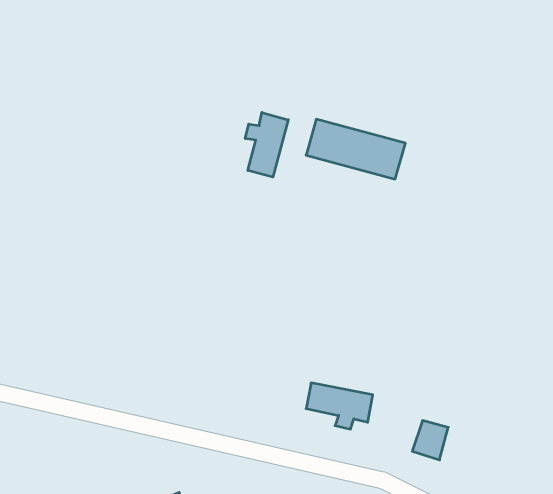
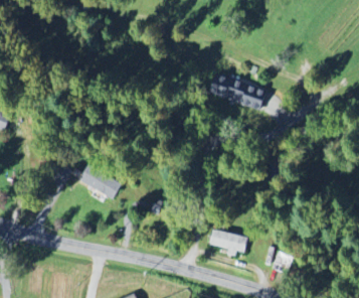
building: [245,112,288,177] -> none
building: none -> [76,163,121,200]

